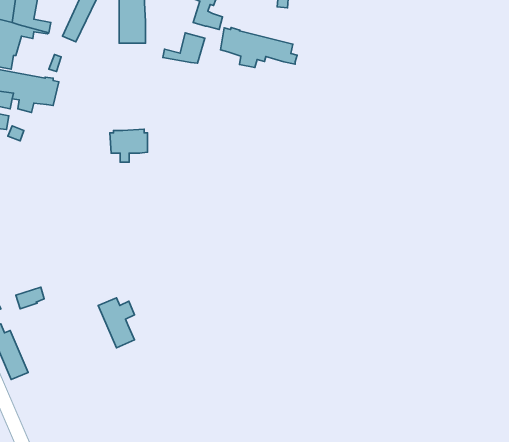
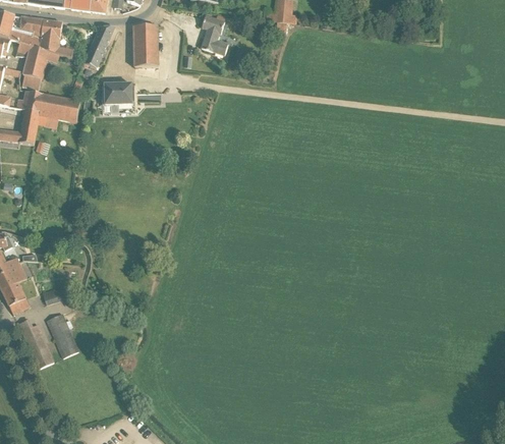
building: [220,28,297,67] -> none
building: [163,33,205,63] -> none
building: [110,129,148,162] -> [101,82,134,112]
building: [98,298,135,348] -> [46,313,78,357]

